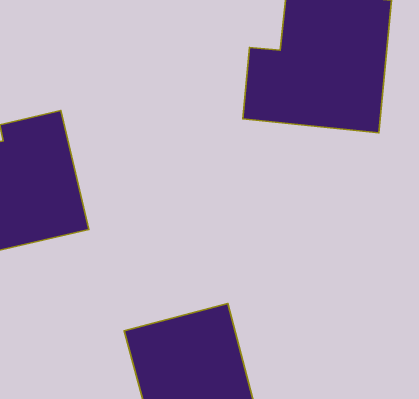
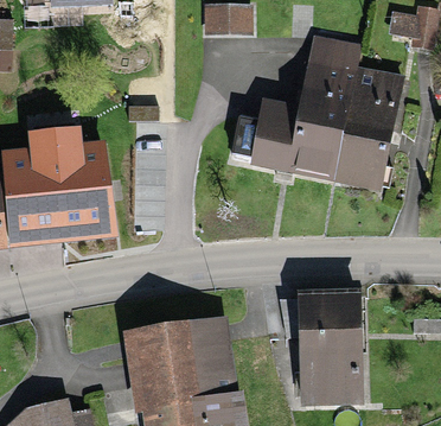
building: none -> [299,298,360,402]

